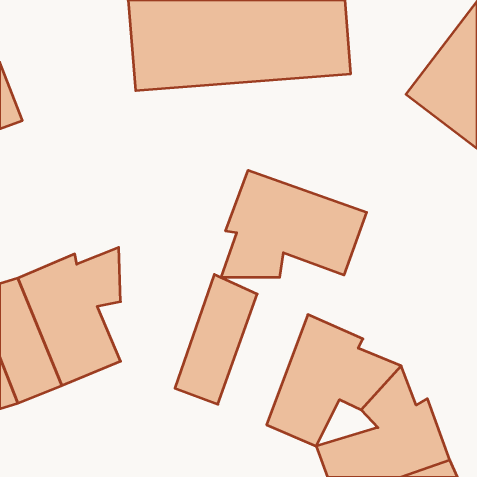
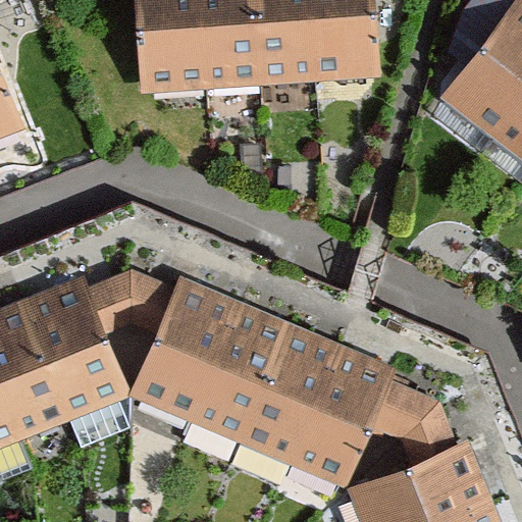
building: [221,170,367,278] -> none
building: none -> [129,270,233,424]
building: none -> [238,321,335,464]

